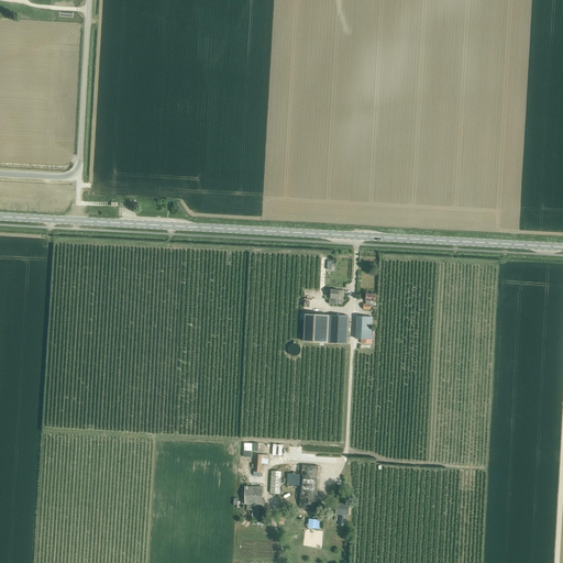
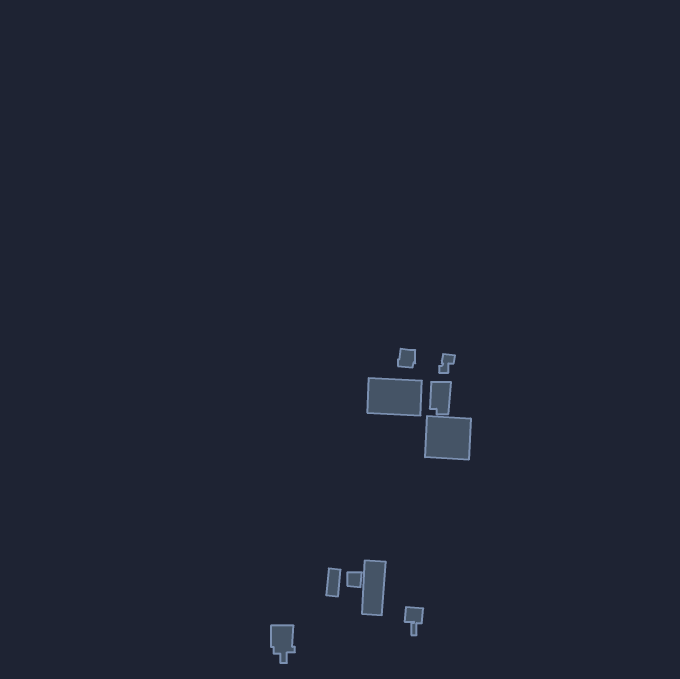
building: none -> [425,416,471,460]
building: [244,486,264,517] -> [271,626,295,663]

